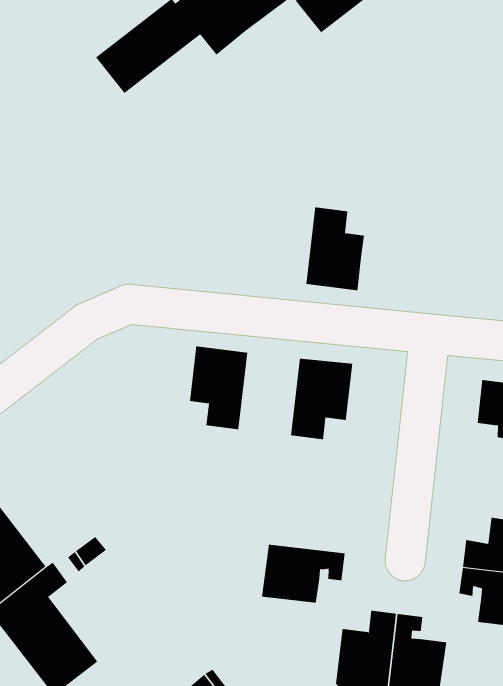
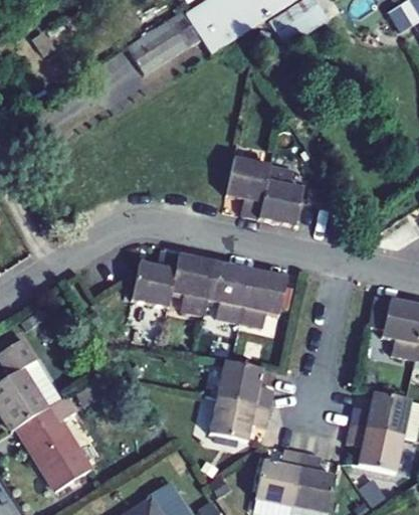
building: none -> [226,156,270,217]
building: none -> [132,249,179,307]
building: none -> [204,262,250,322]
building: none -> [217,360,274,407]

